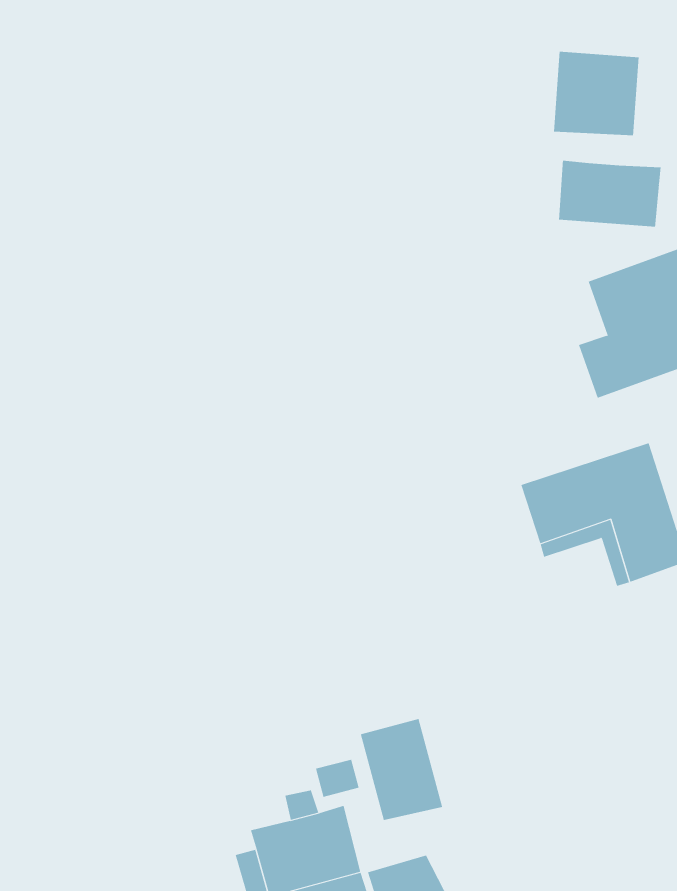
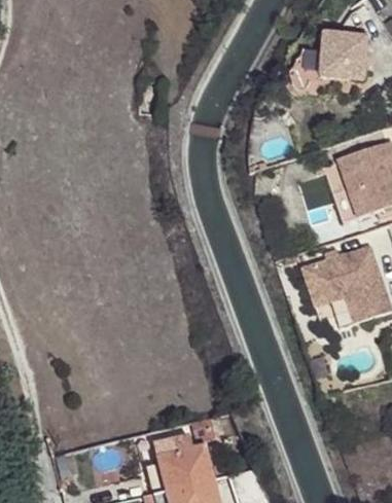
building: [559,160,661,228] -> none
building: [360,718,443,821] -> none

